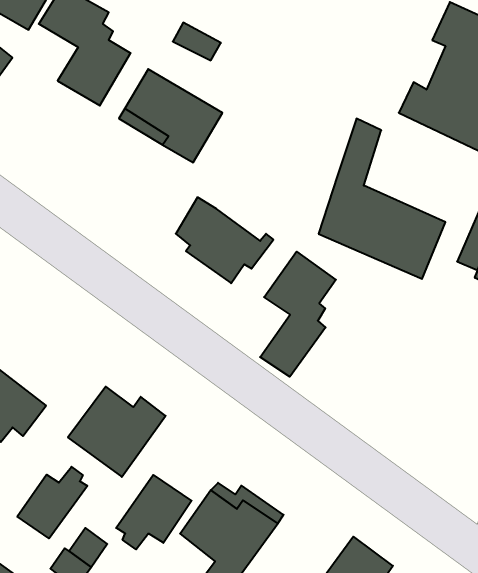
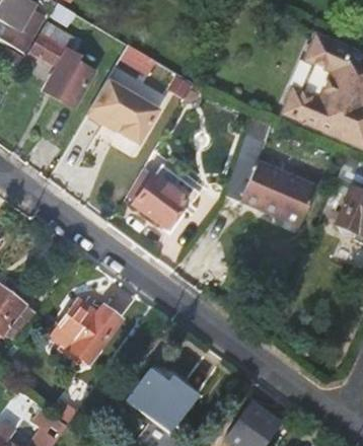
building: [260,252,336,377] -> none
building: [17,467,87,538] -> none
building: [116,475,192,549] -> none

